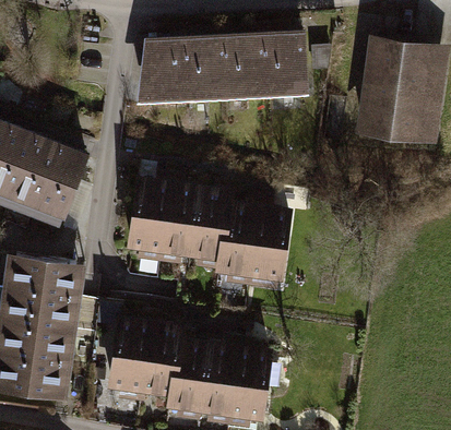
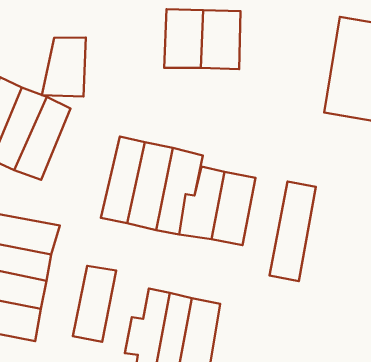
building: [266,31,305,94] -> none
building: [143,34,188,98] -> [42,38,86,96]
building: none -> [269,181,316,281]
building: [138,318,187,398] -> none

